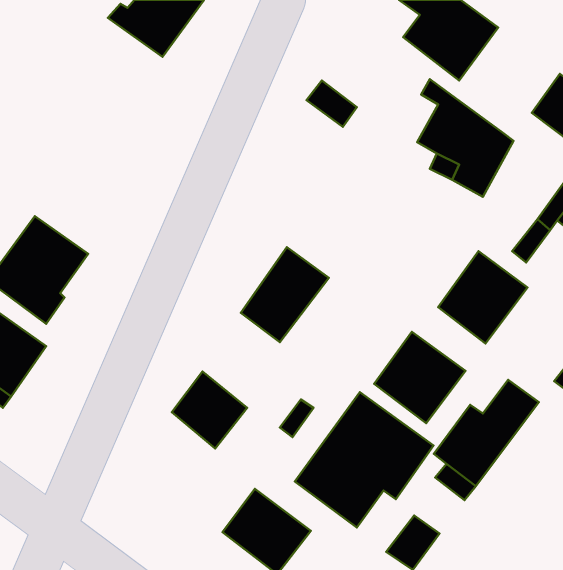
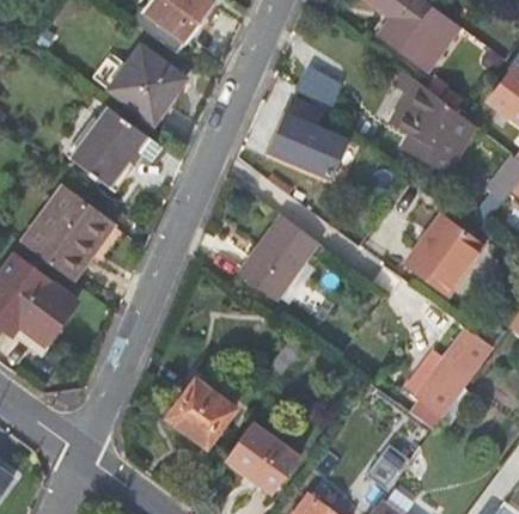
building: none -> [109,42,185,118]
building: none -> [271,98,344,175]
building: none -> [73,104,163,186]
building: [374,332,465,423] -> none
building: [172,372,247,448] -> [170,383,234,448]
building: [295,392,434,527] -> none

